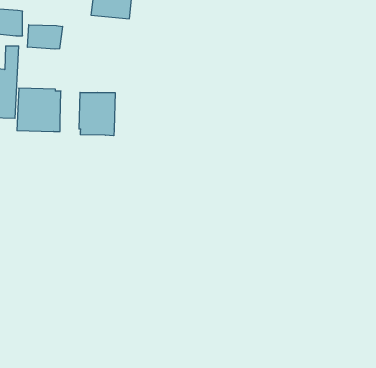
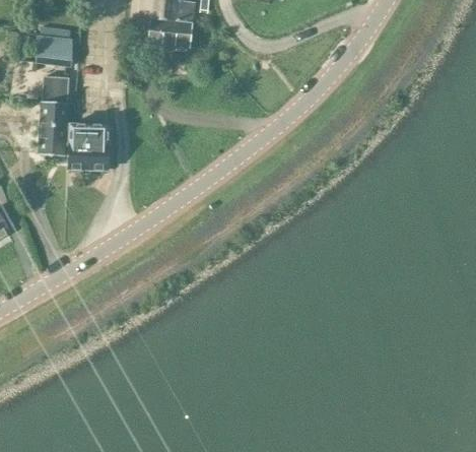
building: [27,25,63,49] -> none
building: [79,92,115,136] -> none

